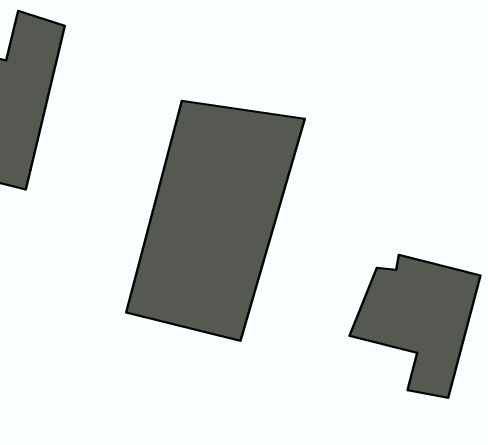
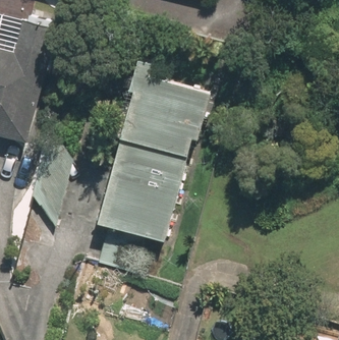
building: [350,255,480,398] -> none

